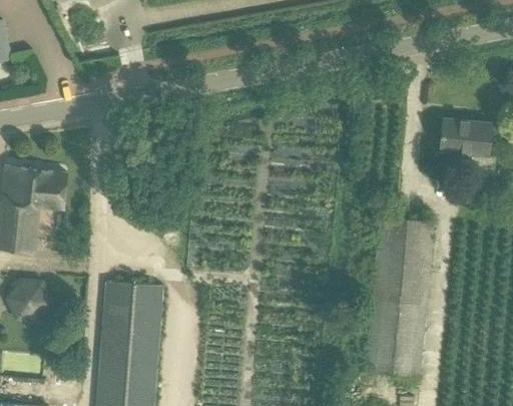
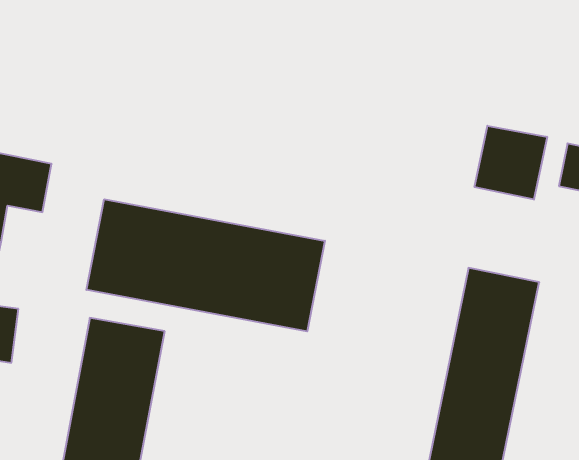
building: none -> [475,126,547,200]
building: none -> [86,199,325,331]

